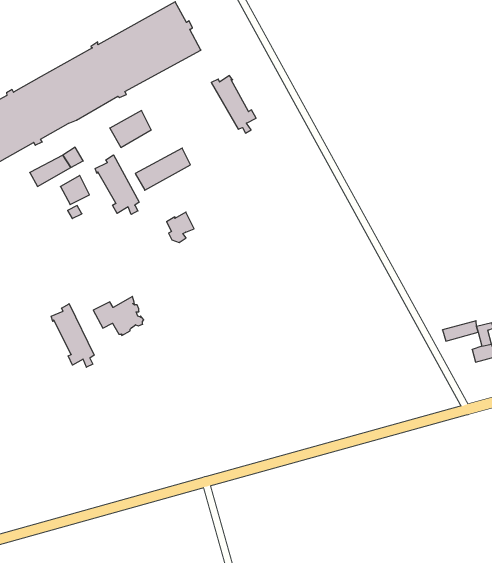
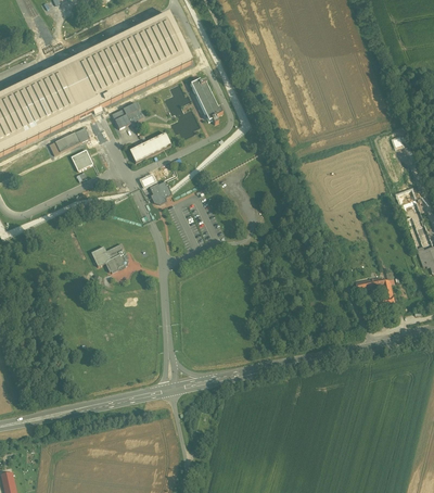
building: [95,155,139,214] -> none
building: [51,304,94,367] -> none

